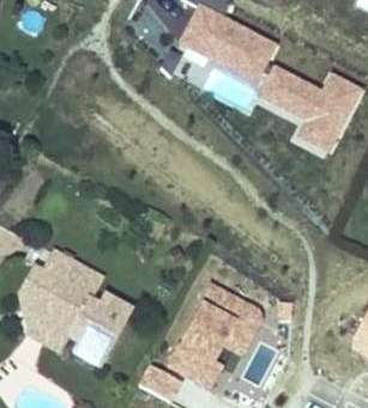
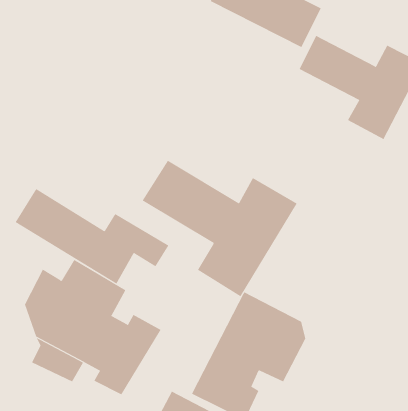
building: none -> [142,160,298,297]
building: none -> [15,188,169,284]

